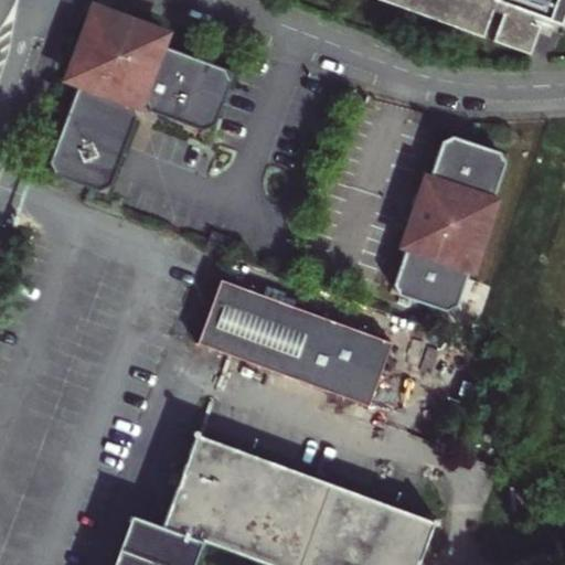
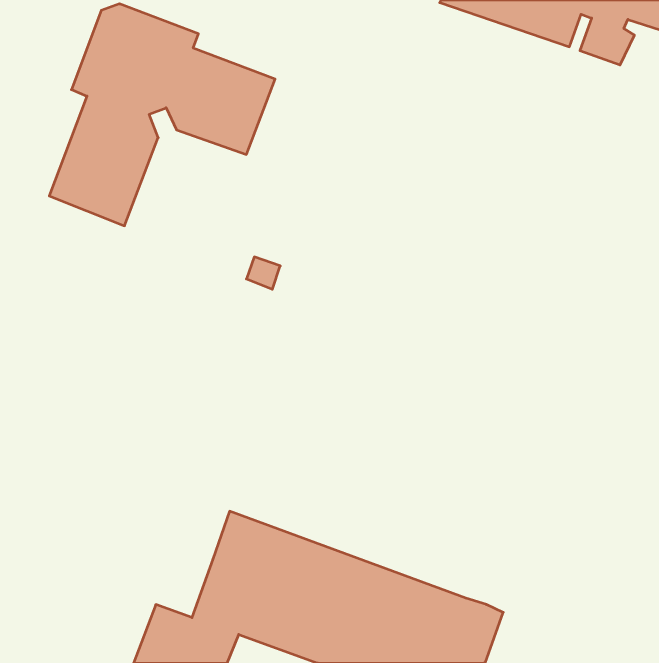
building: [388,141,501,299] -> none
building: [201,280,393,403] -> none

